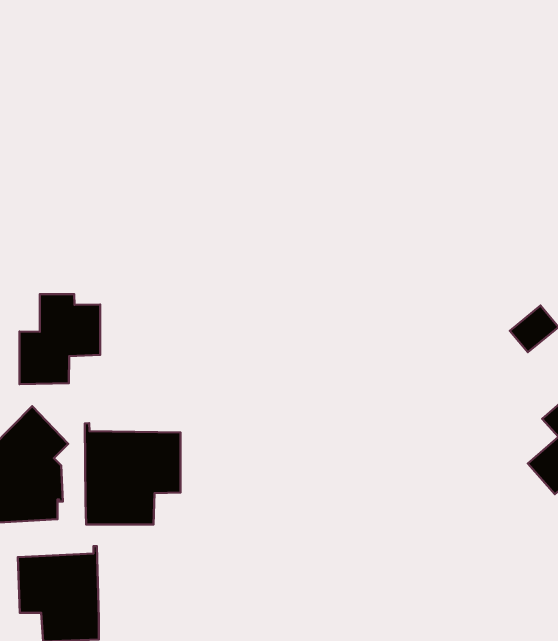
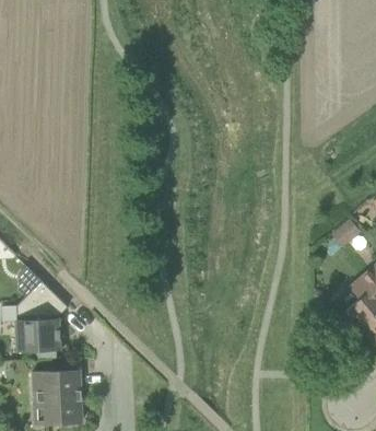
building: [20,294,100,384] -> none
building: [85,423,181,524] -> none

